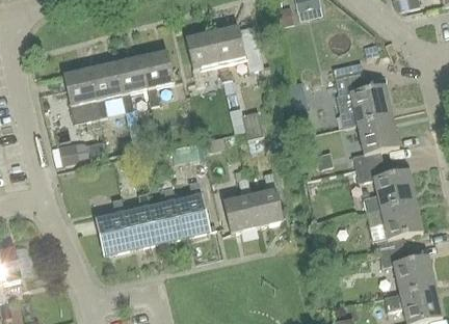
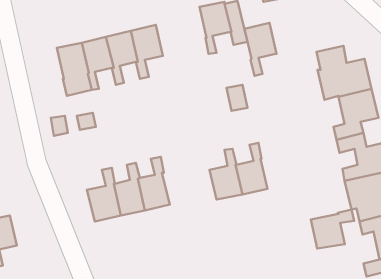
building: [187,30,220,85] -> [245,23,277,76]
building: [174,181,209,236] -> none
building: none -> [311,210,354,249]

